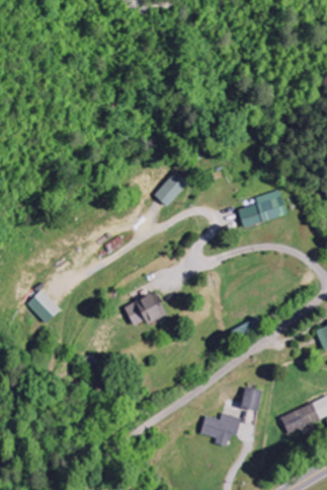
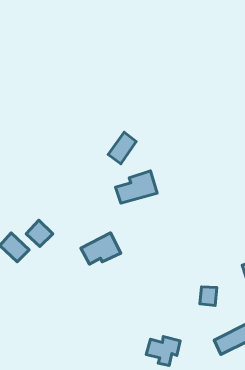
building: [238,189,288,227] -> [116,171,157,203]
building: none -> [26,220,53,246]
building: [242,389,262,411] -> [200,287,217,306]

